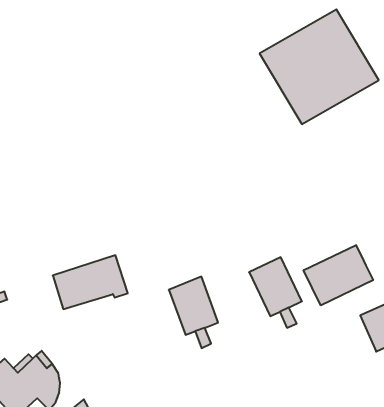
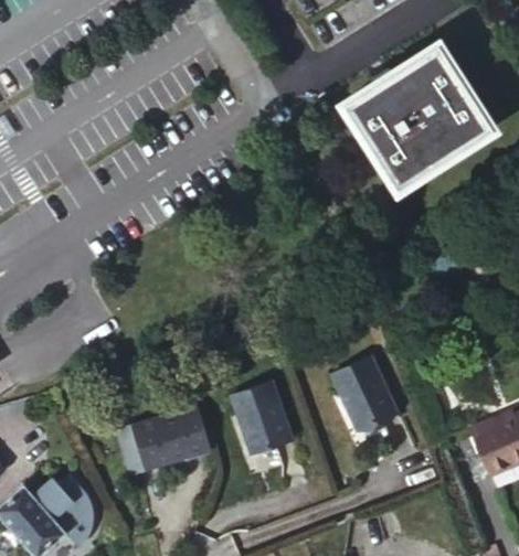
building: [304,245,373,305] -> none
building: [53,255,128,309] -> [117,407,211,474]

